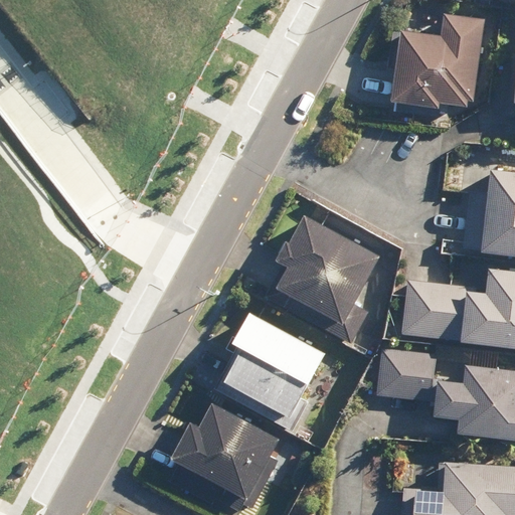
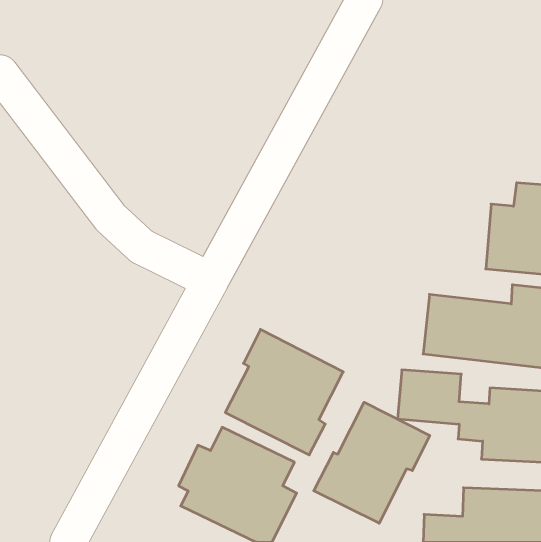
building: [392,14,482,111] -> none
building: [267,215,380,345] -> none
building: none -> [314,402,430,523]

